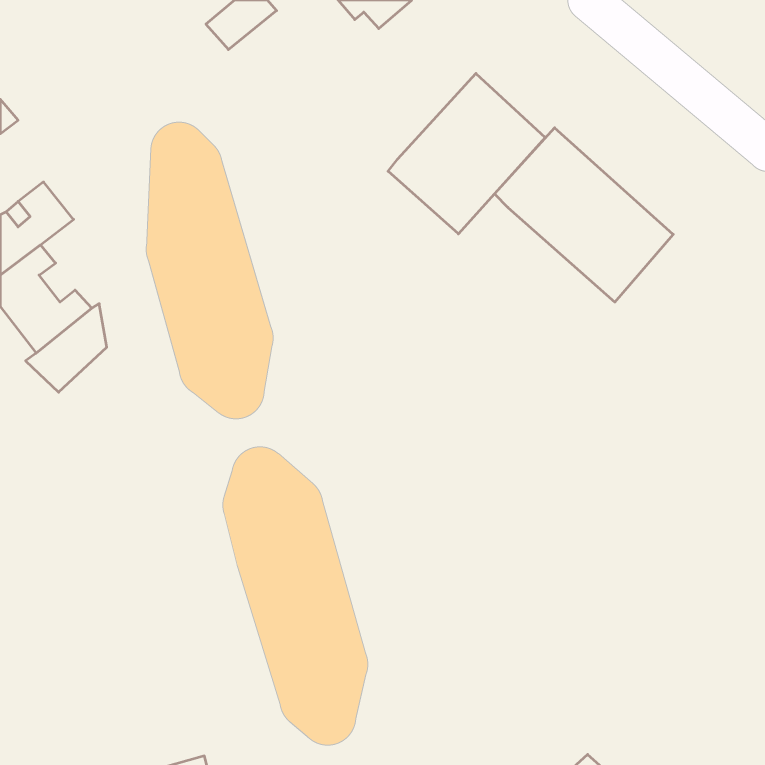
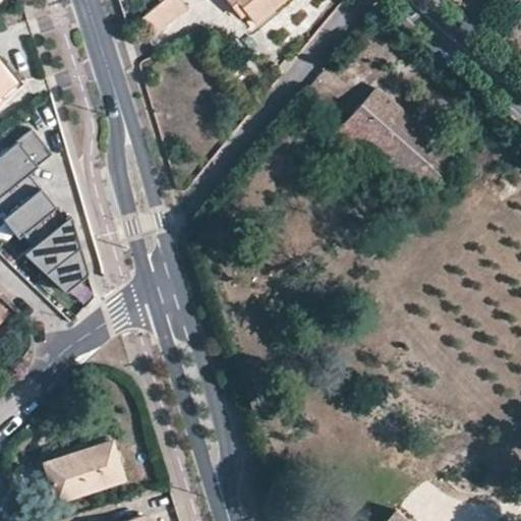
building: [388,73,545,234] -> none
building: none -> [42,237,80,285]
building: none -> [43,441,121,498]

